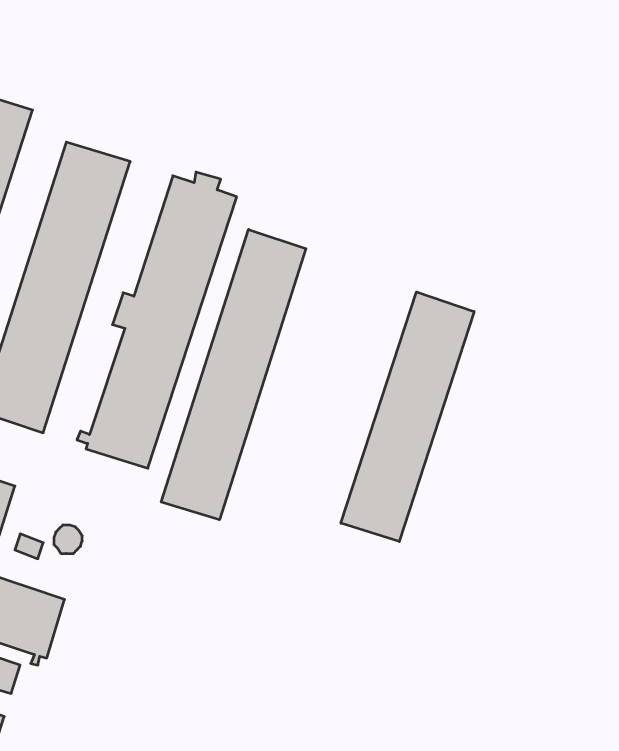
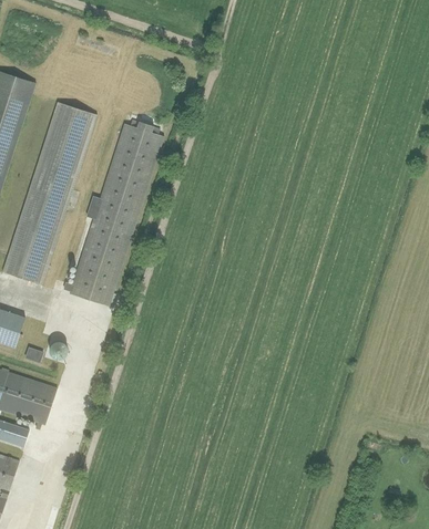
building: [161,229,306,520] -> none
building: [341,292,474,542] -> none

